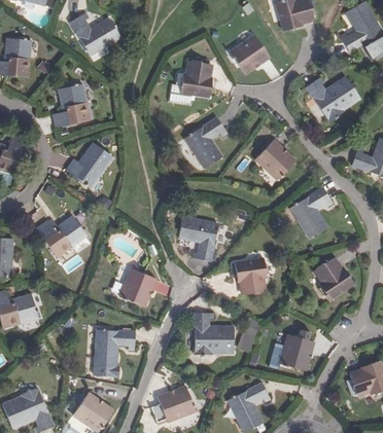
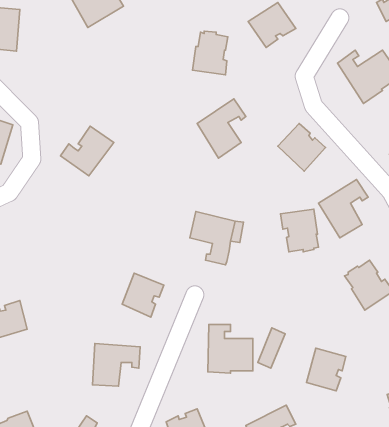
building: [54,84,90,127] -> none
building: [35,214,86,256] -> none
building: [234,257,267,294] -> [281,209,319,252]

